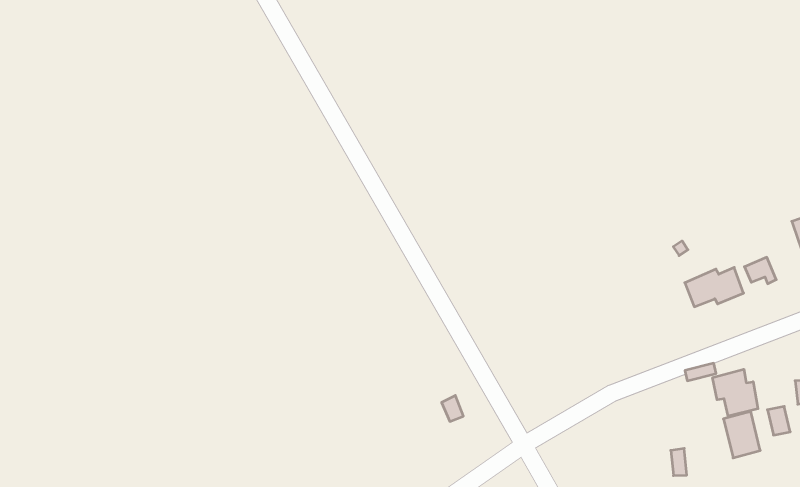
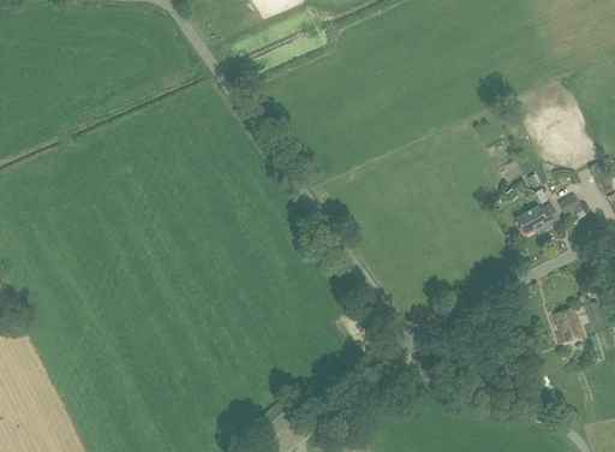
building: [713,369,758,416] -> none

